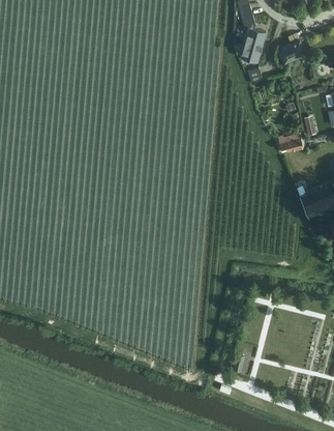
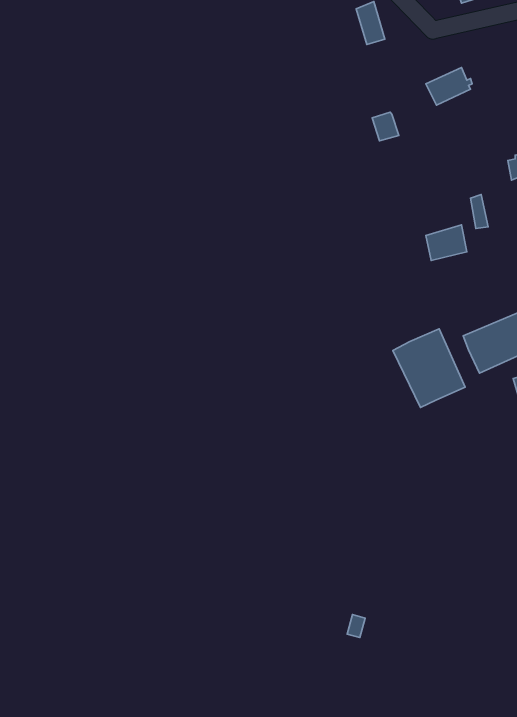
building: [242,28,265,61] -> none
building: none -> [393,329,465,407]

